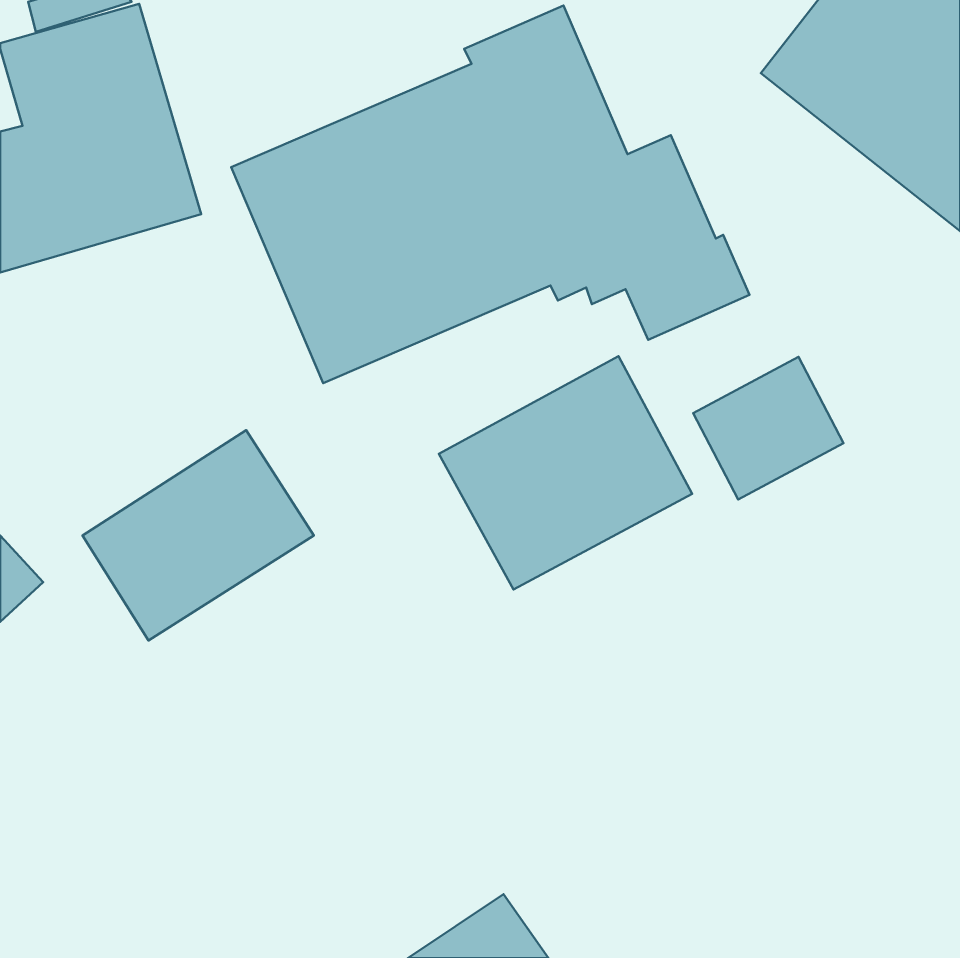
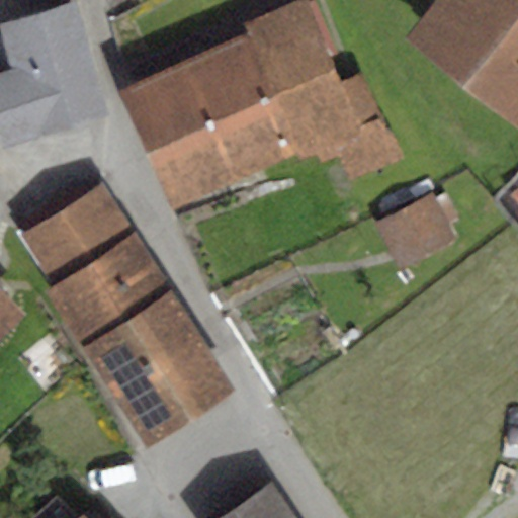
building: none -> [21,181,132,278]
building: [439,356,692,589] -> none
building: none -> [80,288,234,446]

